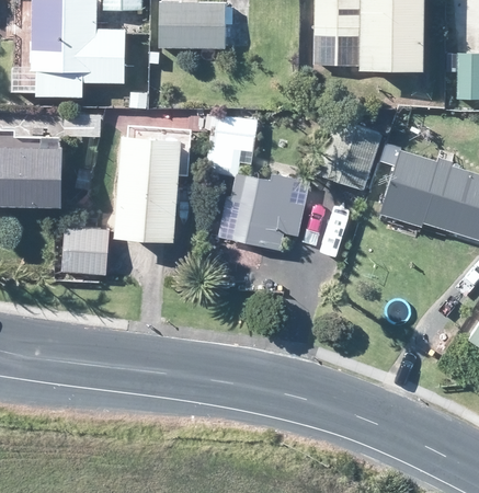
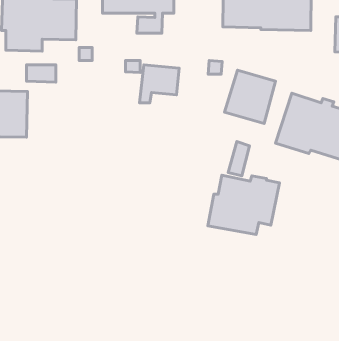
building: [115,136,182,241] -> none
building: [217,173,308,249] -> [208,175,279,234]
building: [61,227,107,274] -> none

